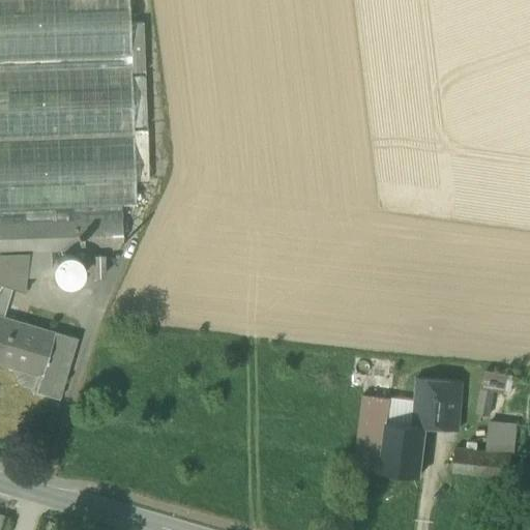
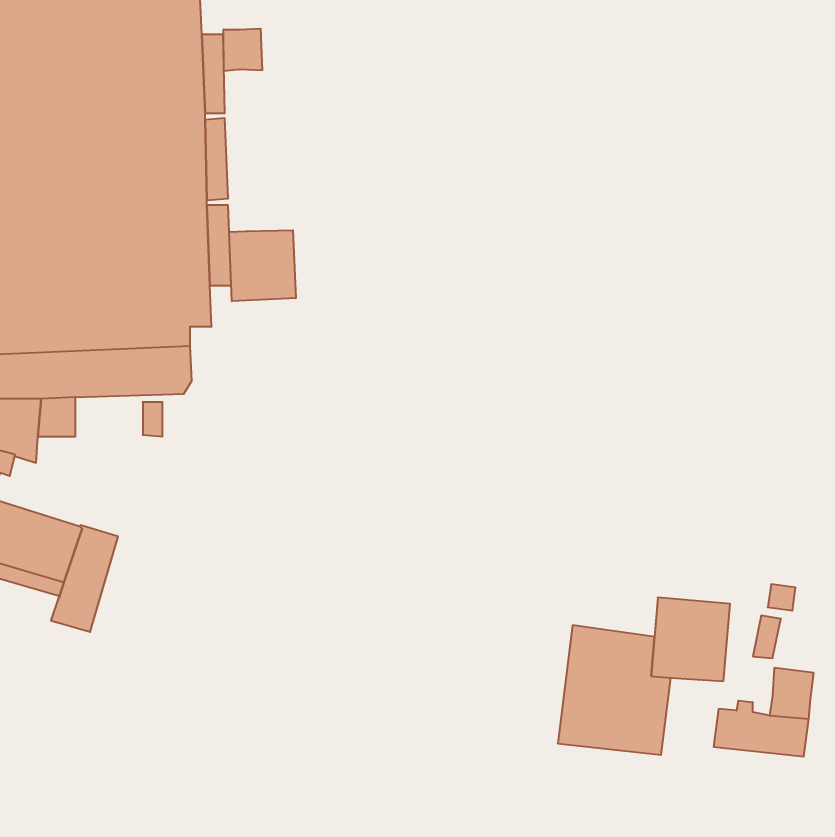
building: none -> [224,29,262,71]
building: none -> [229,230,296,301]

